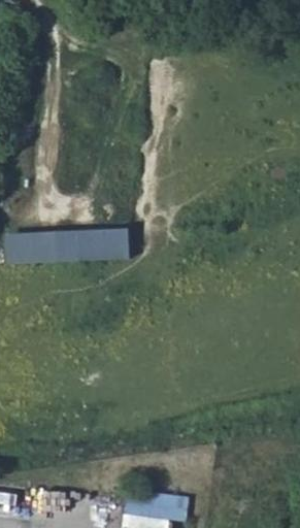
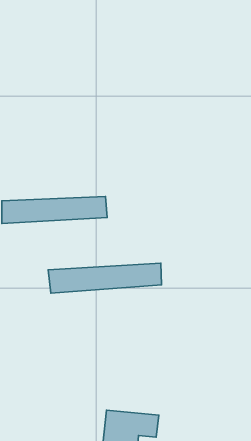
building: none -> [48,263,162,293]

